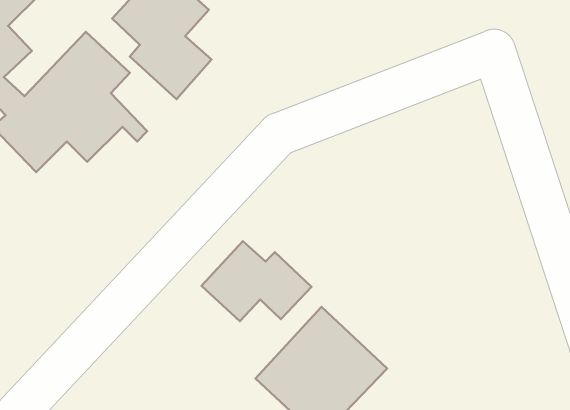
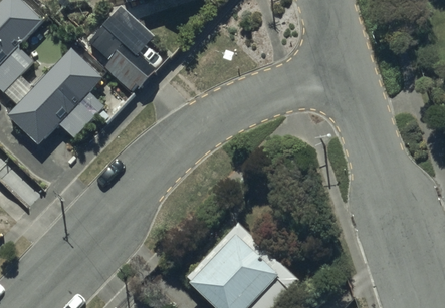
building: [202,241,312,321] -> none

